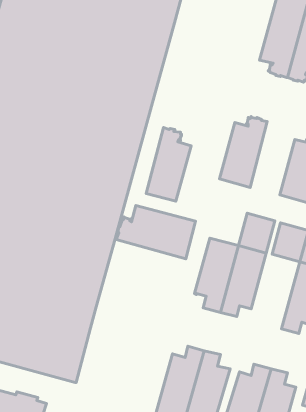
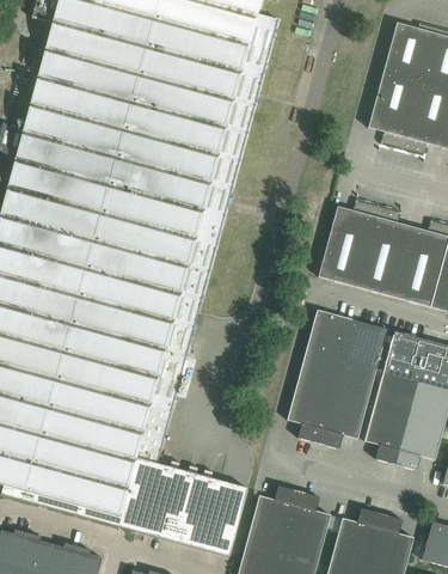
building: [146,128,191,201] -> [356,204,412,297]
building: [116,205,196,259] -> none
building: none -> [306,310,352,360]
building: none -> [364,371,418,464]
building: none -> [139,463,247,556]

